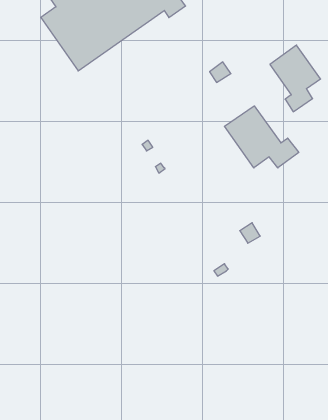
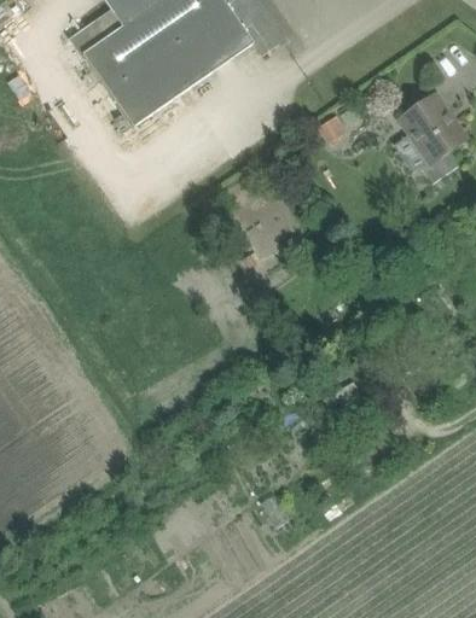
building: [224,106,299,168] -> none

